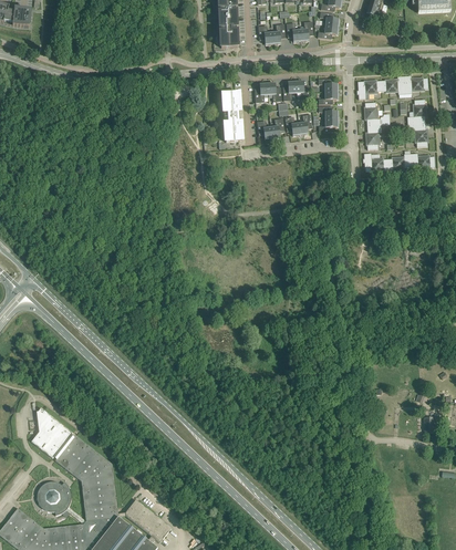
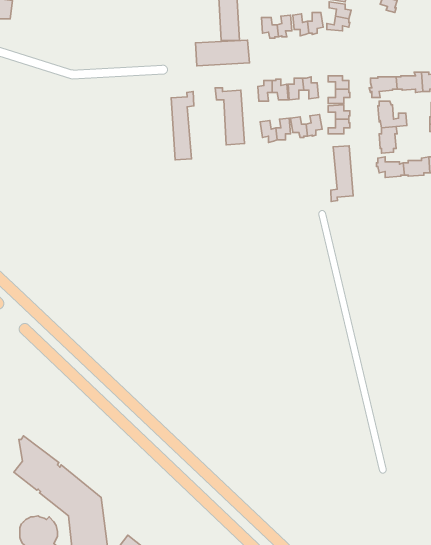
building: none -> [196,40,250,66]
building: none -> [171,91,194,160]
building: none -> [331,146,353,201]

